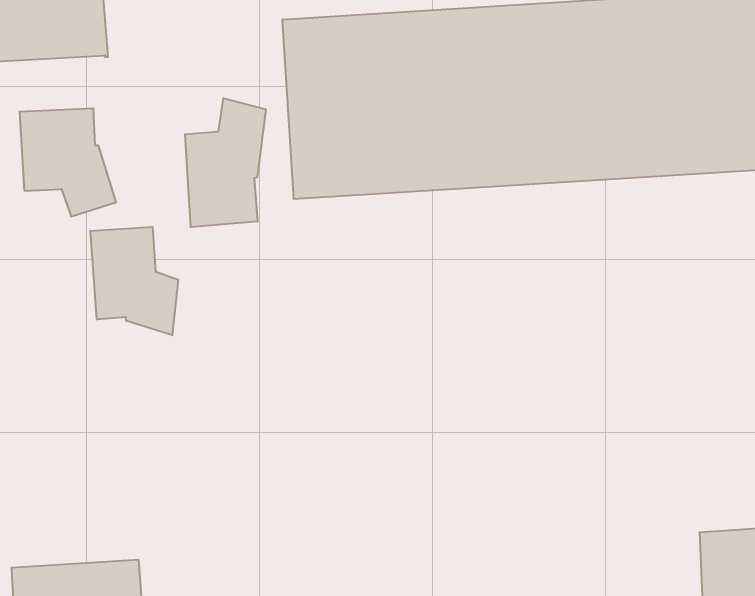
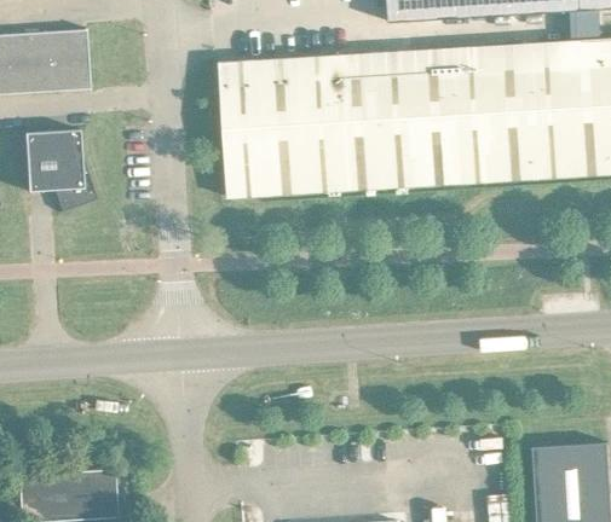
building: [185,98,266,227] -> none
building: [90,227,178,335] -> none

